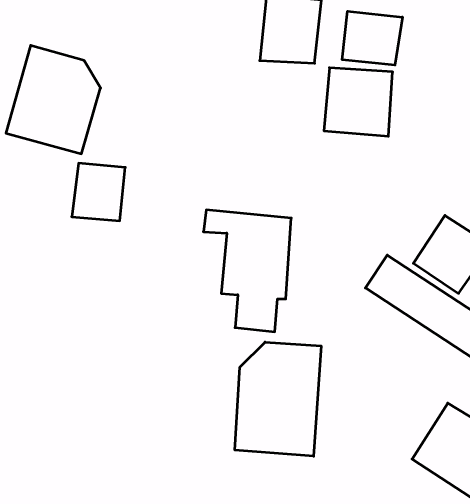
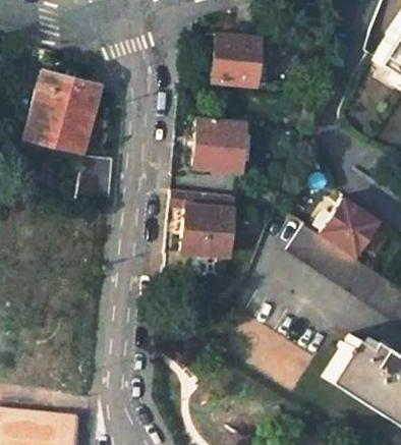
building: [342,11,402,65] -> none
building: [324,68,393,136] -> [196,121,247,172]
building: [235,342,321,456] -> none

